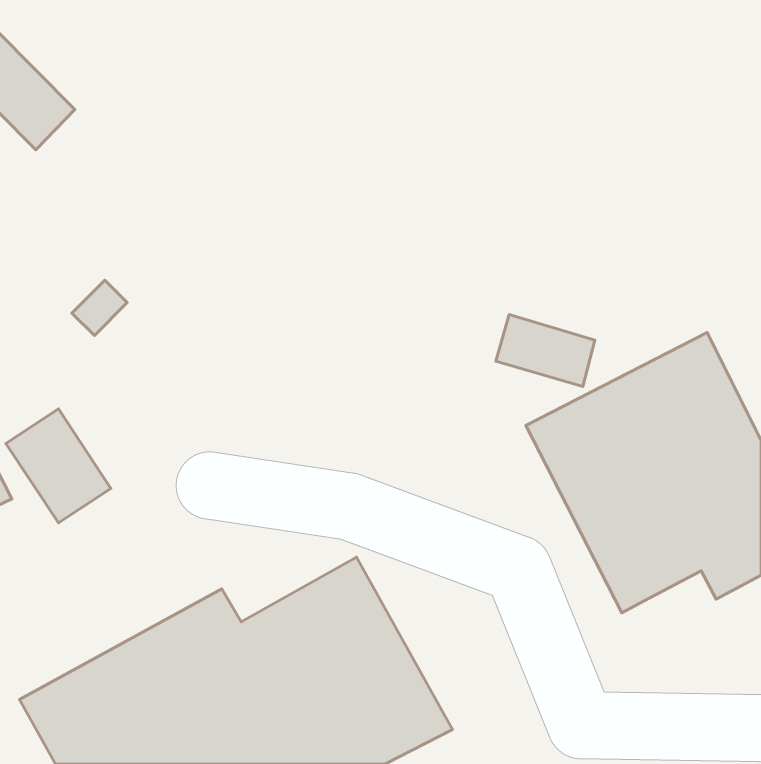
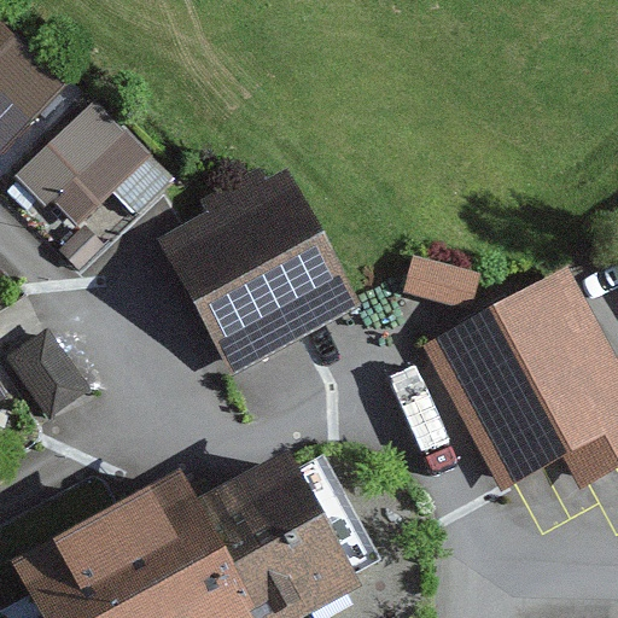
building: none -> [12,97,171,229]
building: none -> [158,170,361,374]

